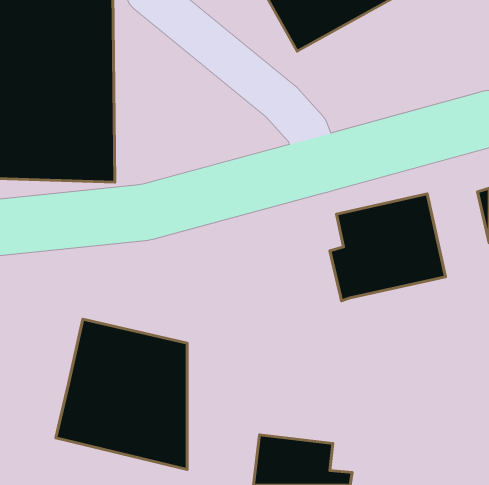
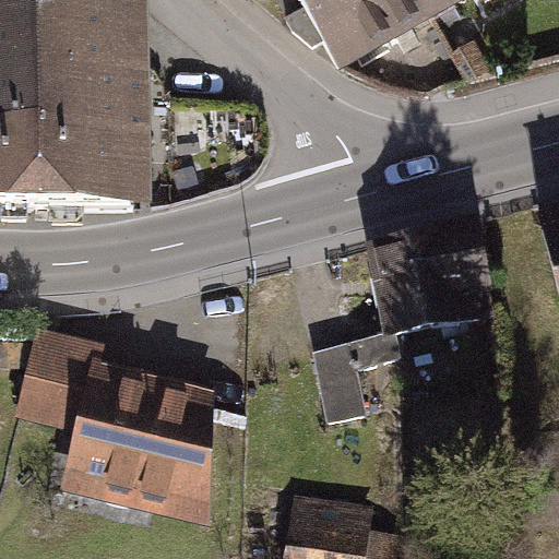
building: none -> [17,331,98,435]
building: none -> [312,335,401,423]

